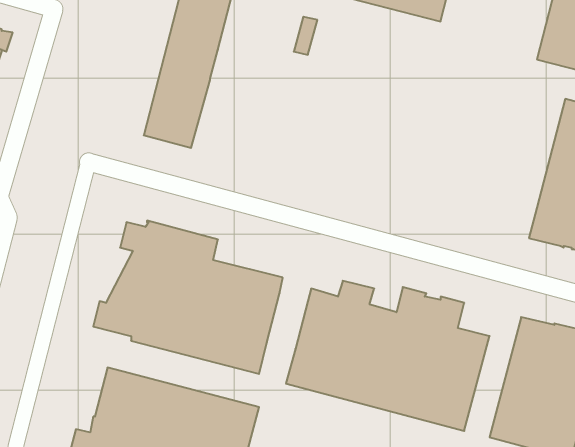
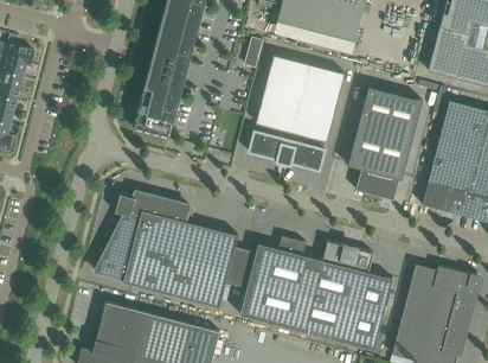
building: none -> [248,56,345,171]
building: none -> [347,87,422,200]
building: none -> [225,247,256,288]

